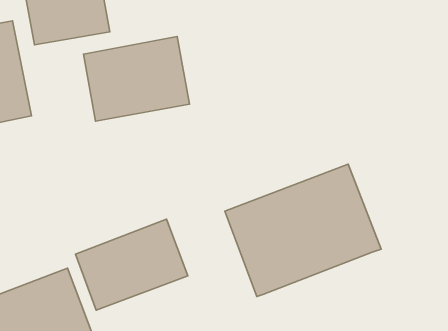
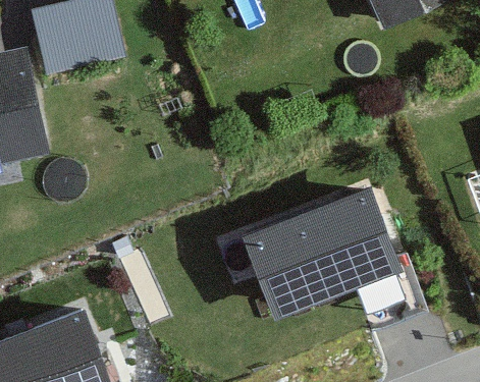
building: [83,37,189,121] -> none
building: [75,219,188,310] -> none

